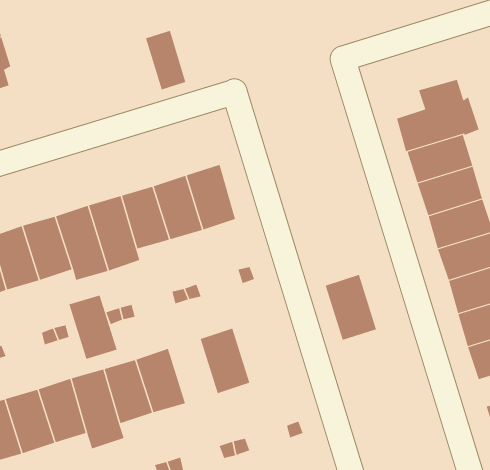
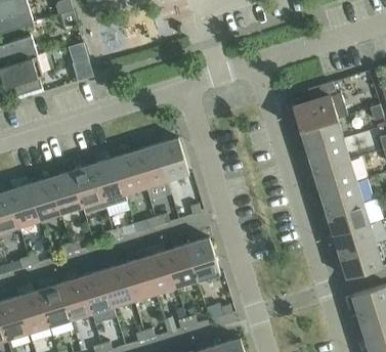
building: [145,30,186,90] -> [69,40,95,79]
building: [325,274,377,340] -> [186,237,220,280]
building: [69,295,117,359] -> [144,252,176,294]

